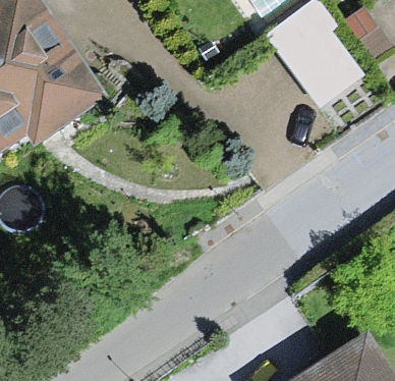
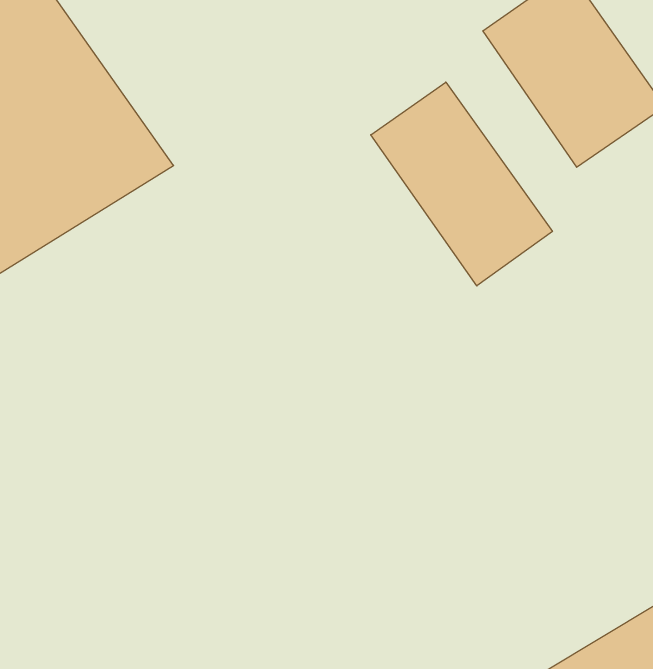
building: none -> [371,82,552,286]

